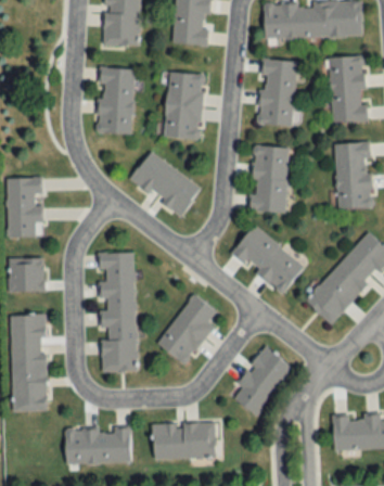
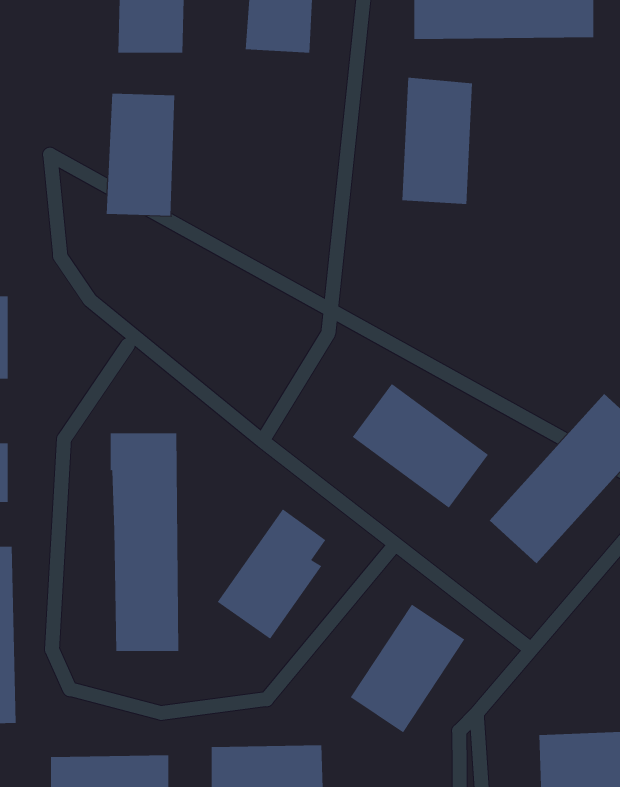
building: [330,54,368,123] -> none
building: [164,71,205,139] -> none
building: [335,141,373,208] -> none
building: [251,145,289,212] -> none
building: [130,151,202,215] -> none

